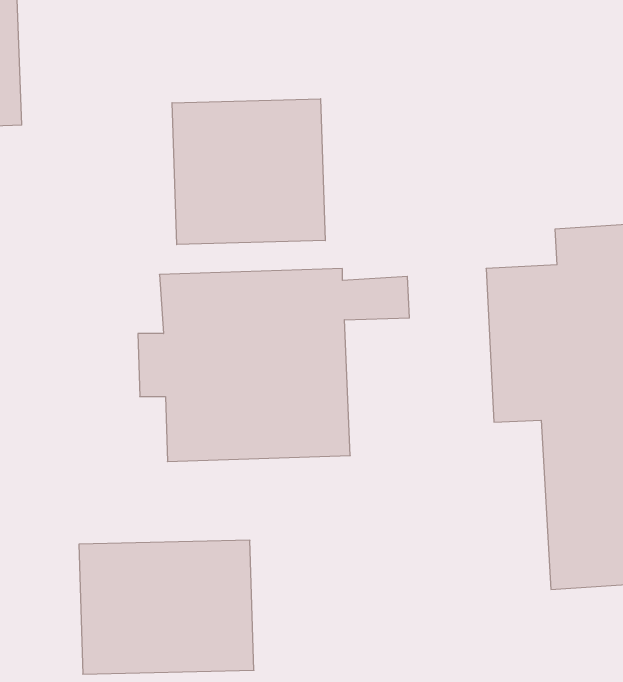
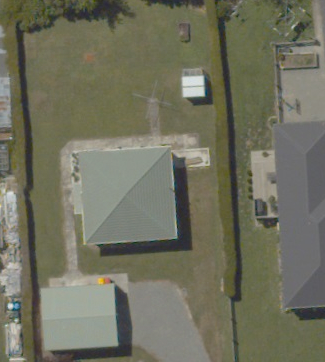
building: [172,99,325,245] -> none

